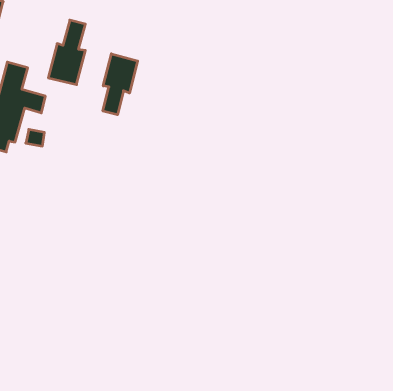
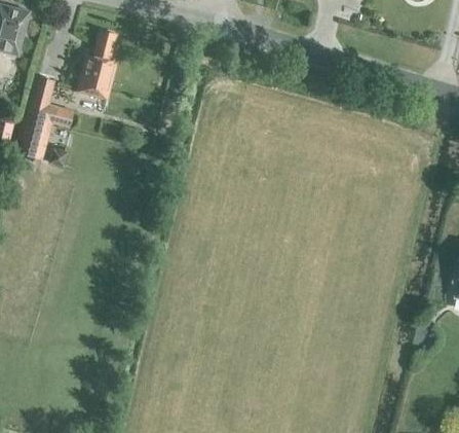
building: [103,54,138,115] -> none

